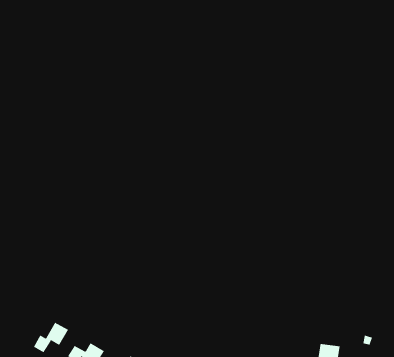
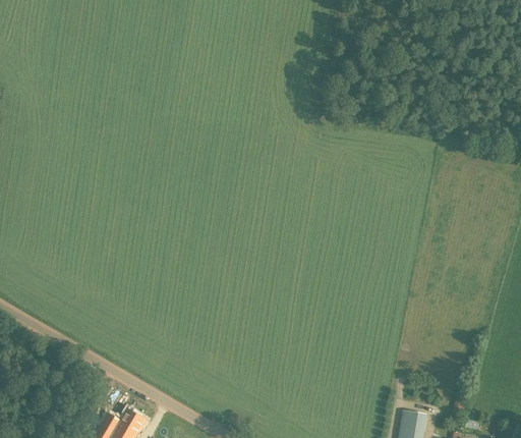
building: [33,322,69,353] -> none

